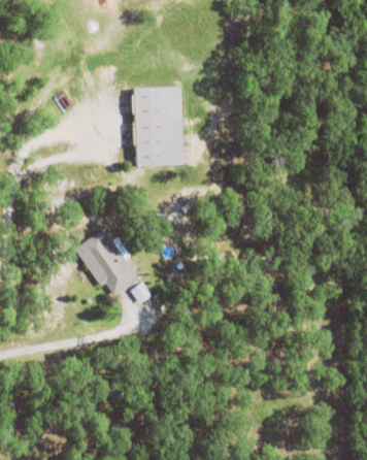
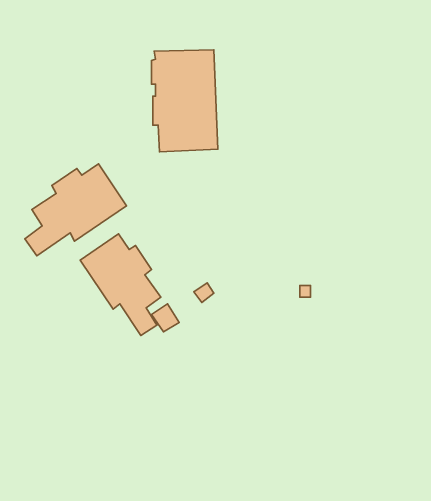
building: none -> [25,164,126,256]

